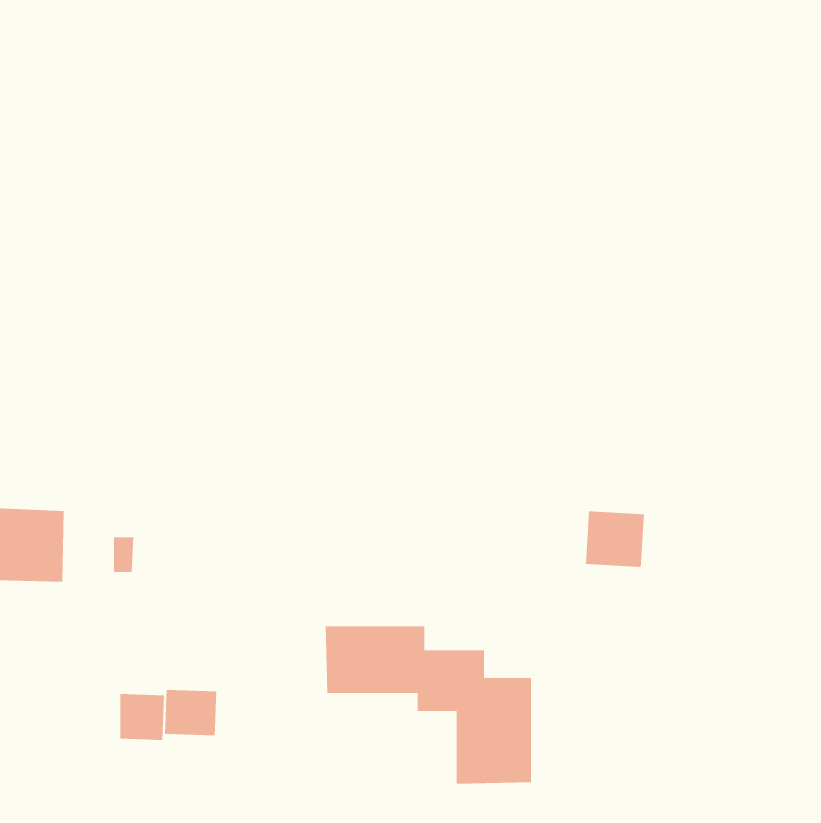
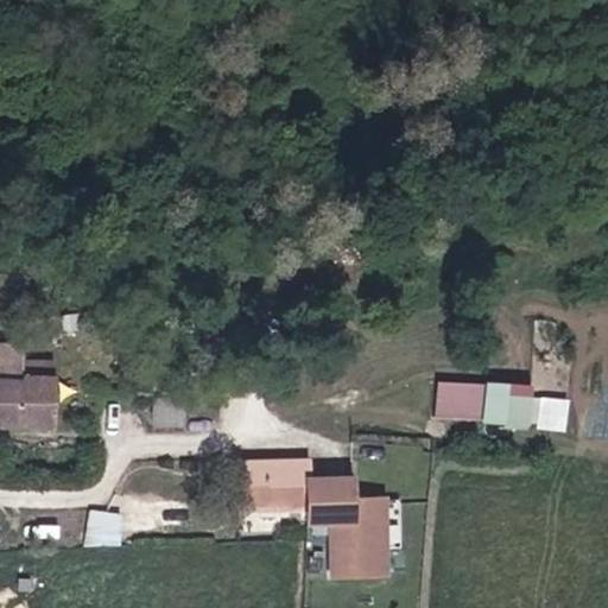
building: none -> [474,379,566,428]
building: [165,689,217,736] -> none

